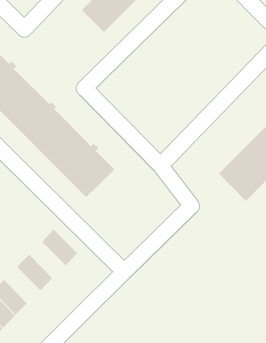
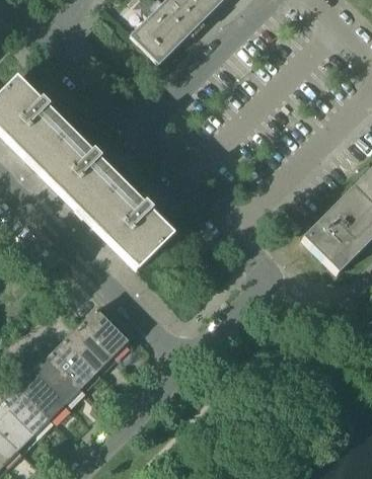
building: none -> [67,323,113,369]
building: none -> [35,354,81,400]

